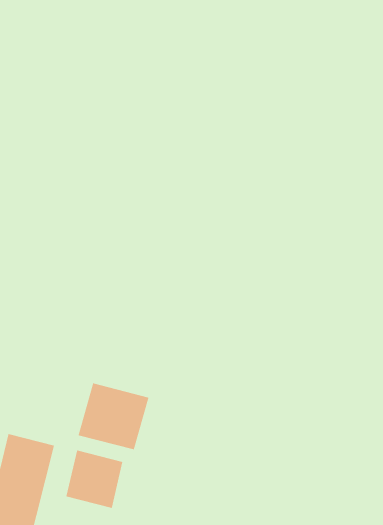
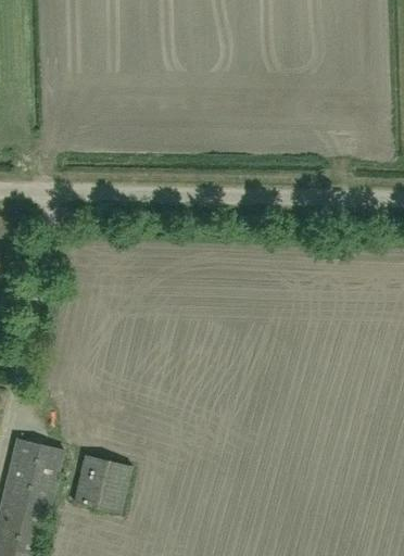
building: [78,383,149,450] -> none

